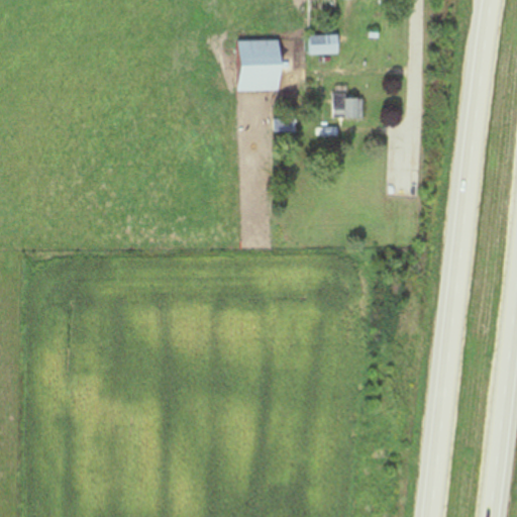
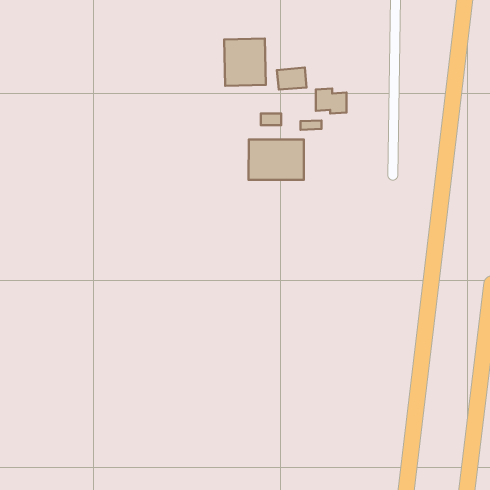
building: [310,32,341,56] -> [277,67,307,90]
building: none -> [249,139,304,180]

